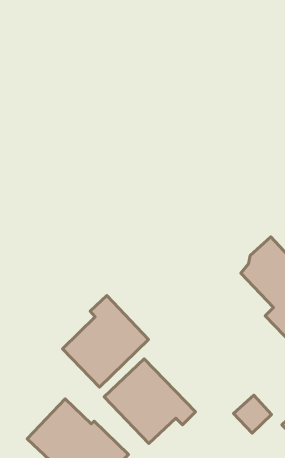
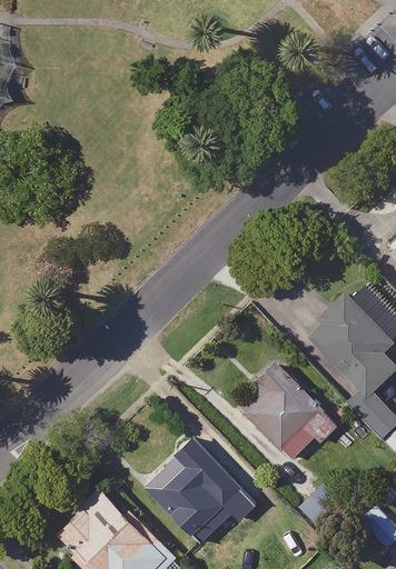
building: none -> [238,365,339,459]
building: [63,296,149,387] -> none

